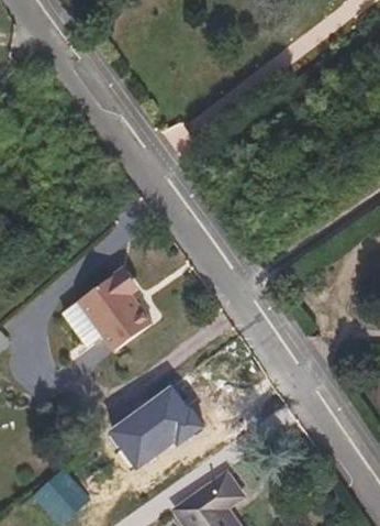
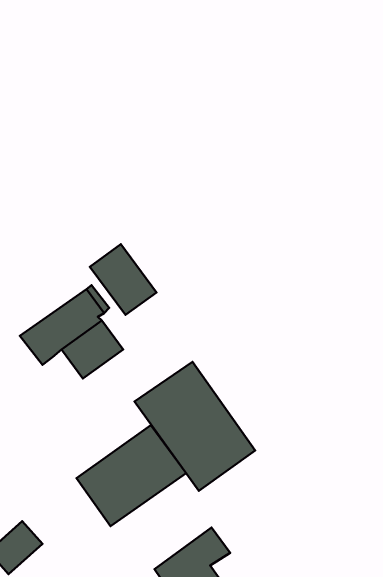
building: none -> [90,244,157,315]
building: none -> [134,362,255,491]

